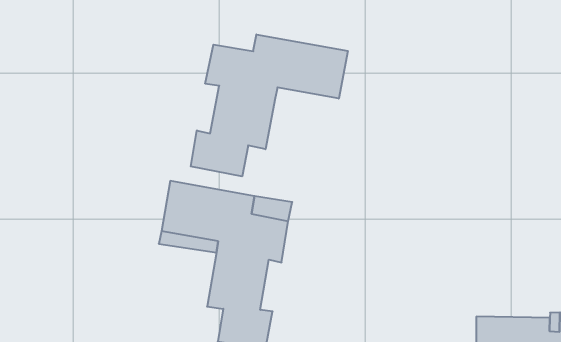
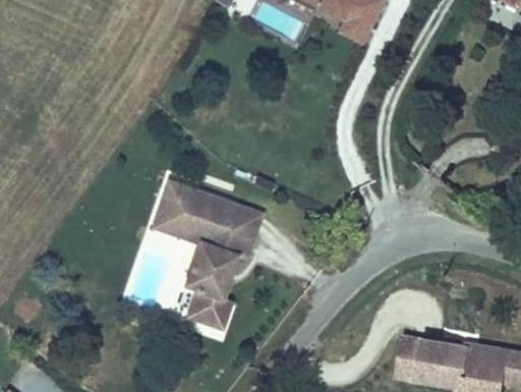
building: [191,34,348,176] -> none

